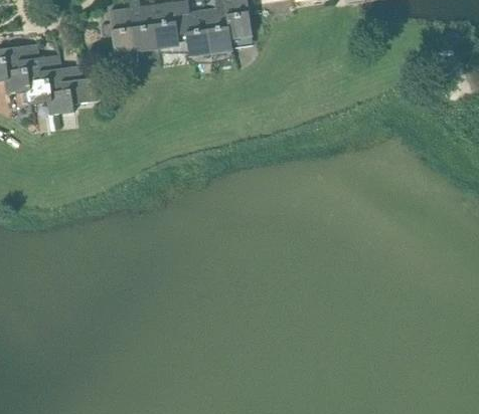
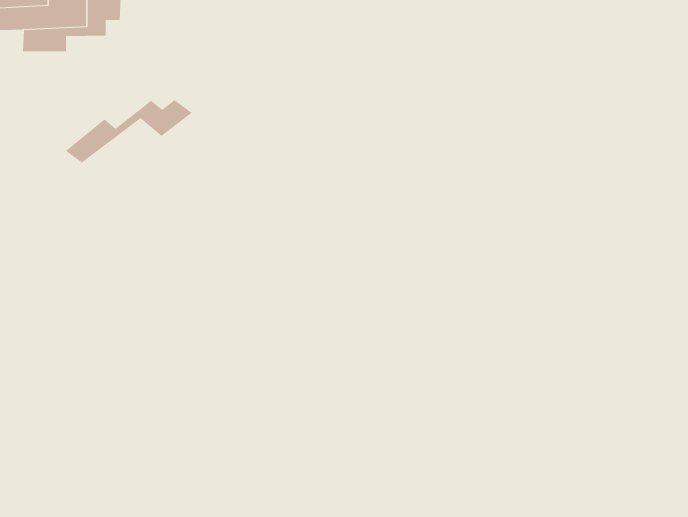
building: none -> [65,99,193,164]

